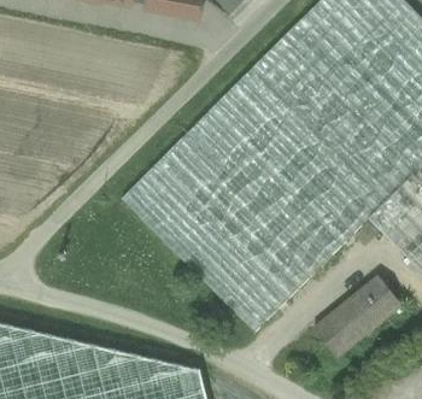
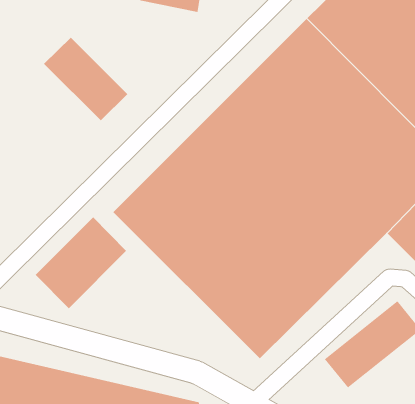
building: none -> [43,37,128,121]
building: none -> [35,217,127,309]

